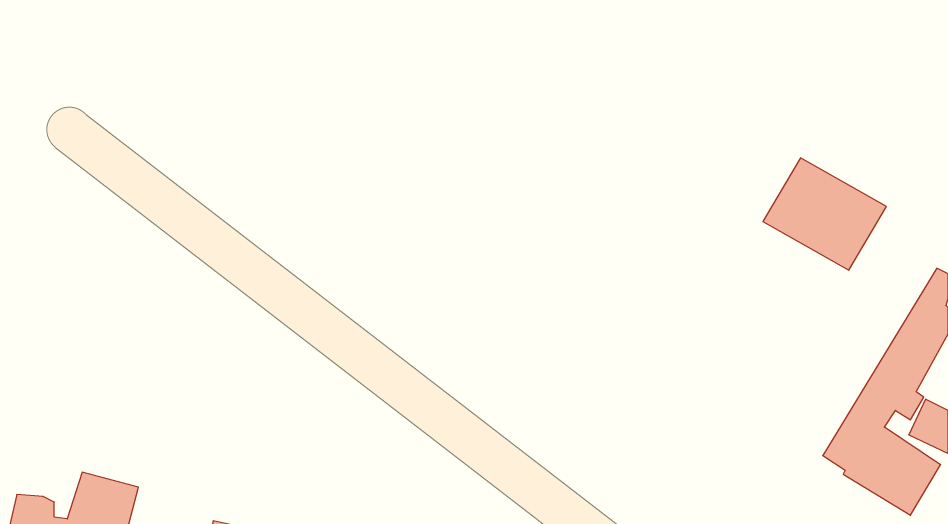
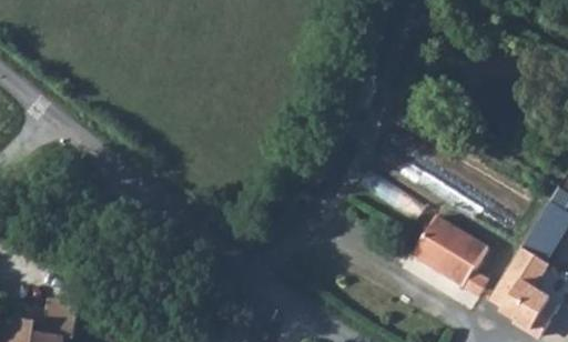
building: [763,158,886,270] -> [414,217,487,283]

